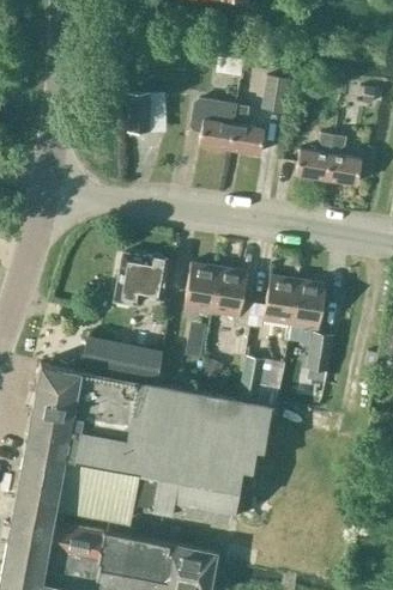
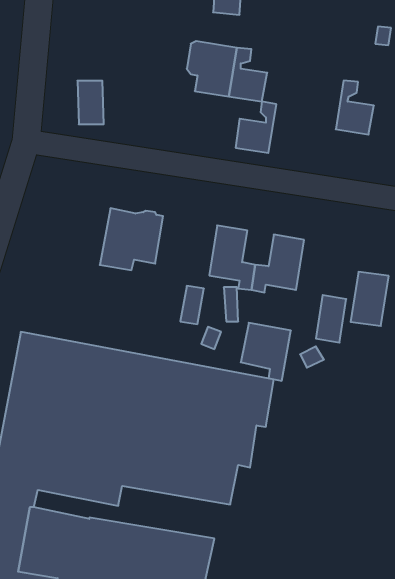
building: [264,75,294,112] -> none
building: [128,91,152,130] -> [77,81,104,124]
building: [297,133,334,180] -> [236,102,276,153]
building: [185,263,219,312] -> none
building: [291,280,326,329] -> [351,272,389,326]
building: [81,337,159,381] -> none

